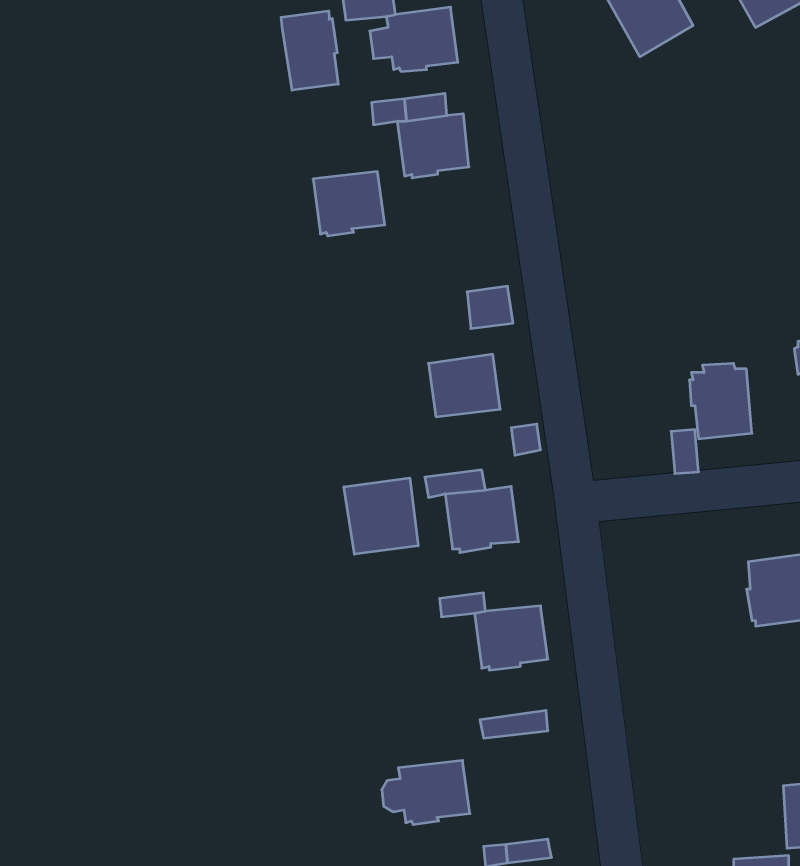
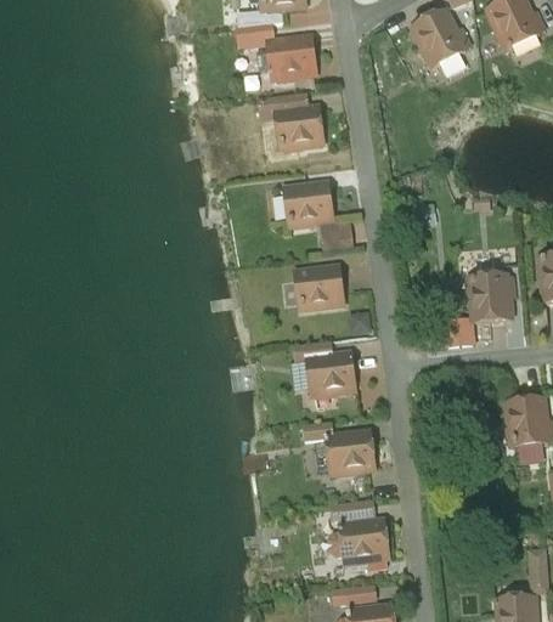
building: [281,11,338,90] -> none
building: [313,172,385,236] -> [284,185,332,227]
building: [344,478,418,554] -> none
building: [382,760,470,825] -> [329,522,388,565]

